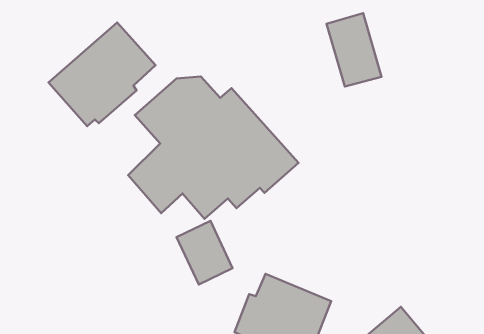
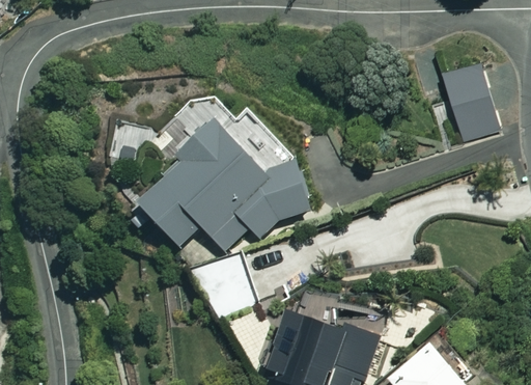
building: [326,13,381,87] -> [442,63,501,142]
building: [49,23,156,126] -> none

